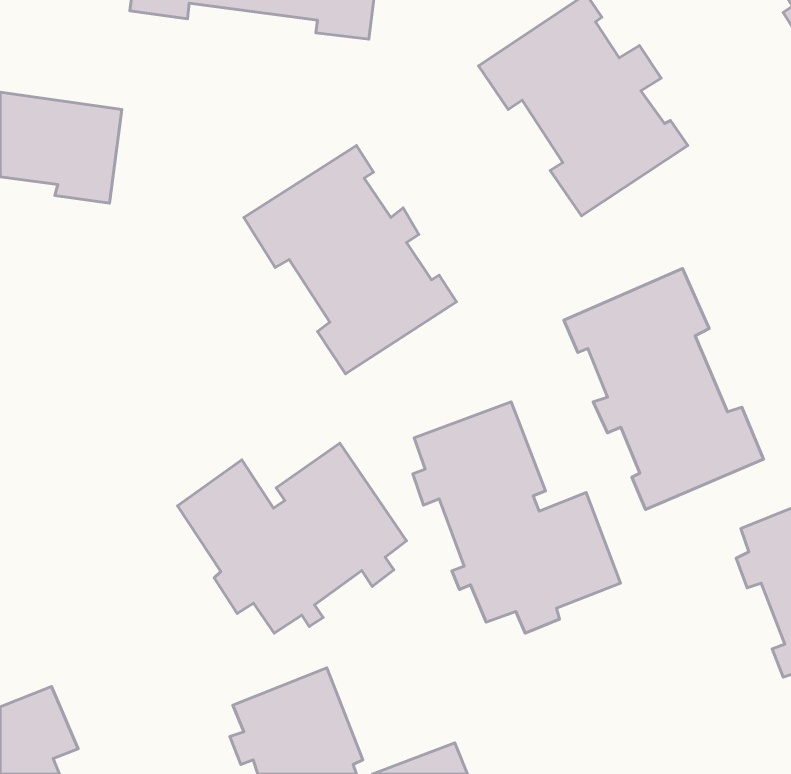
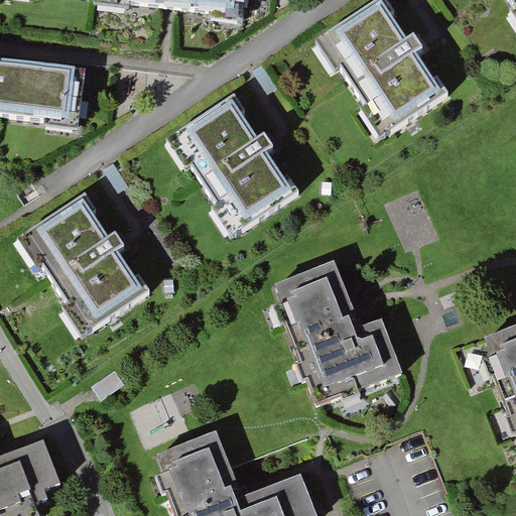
building: [564,269,763,509] -> none
building: none -> [17,195,151,338]
building: [177,443,407,633] -> none

